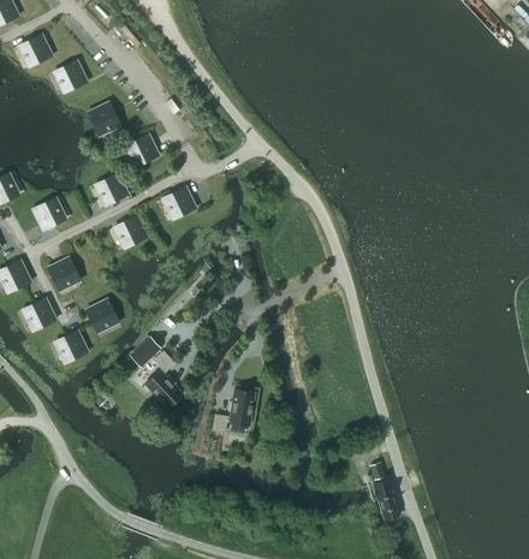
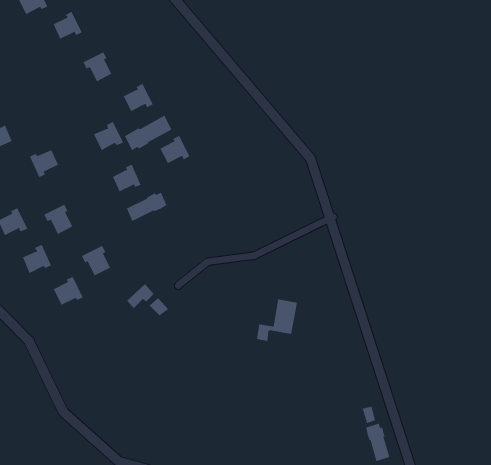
building: none -> [124,115,172,151]
building: none -> [126,192,167,222]
building: [144,369,183,408] -> none
building: [213,388,255,432] -> [256,299,298,342]

